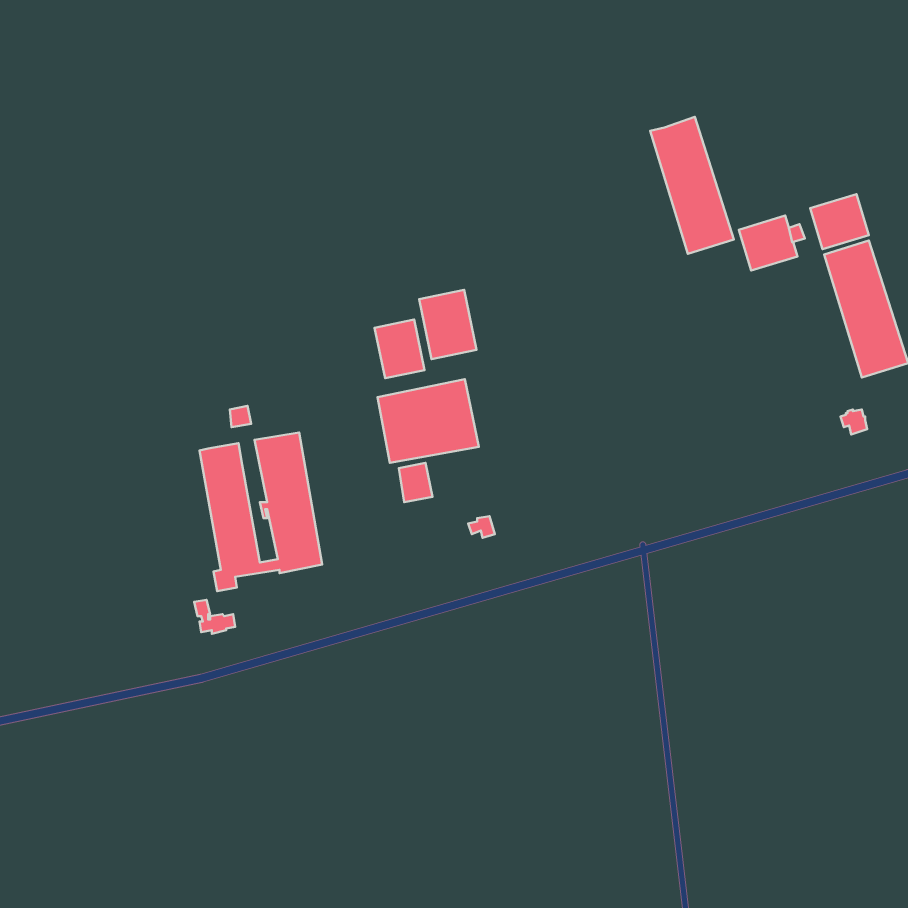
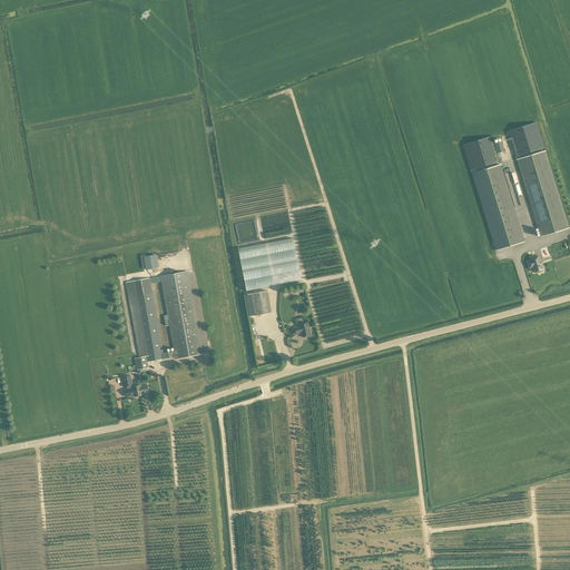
building: [650,117,734,254] -> [471,164,523,249]
building: [419,290,476,359] -> none
building: [375,320,425,378] -> none

